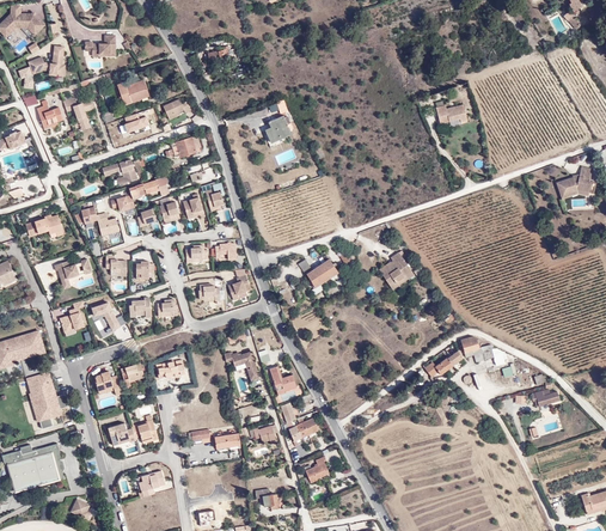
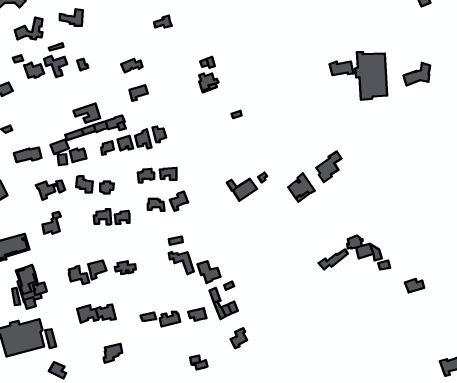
building: [117,78,151,105] -> none
building: none -> [355,52,387,100]
building: [557,166,592,196] -> [404,63,430,86]
building: none -> [316,151,342,182]

